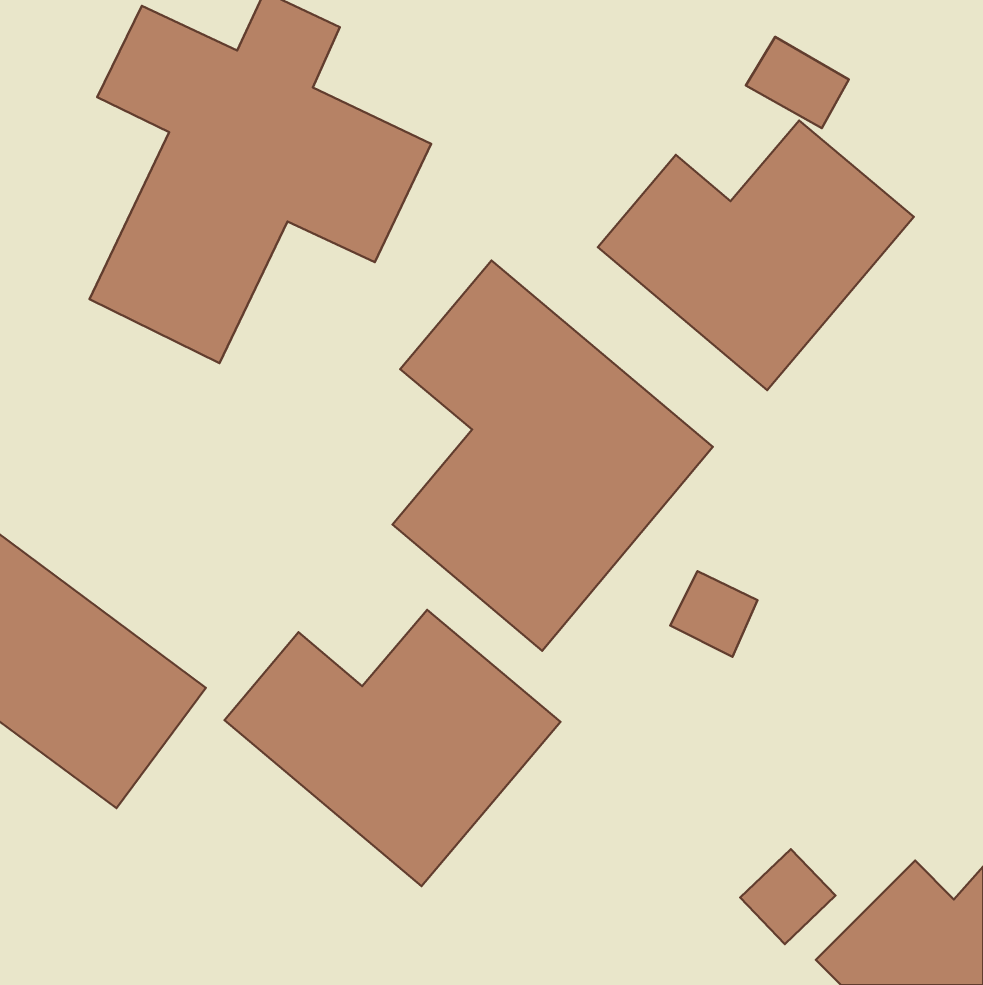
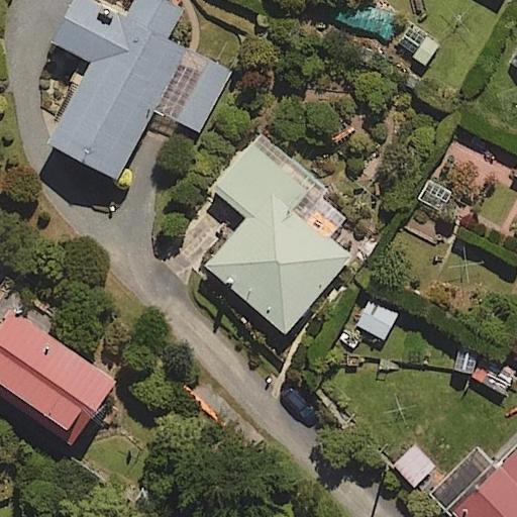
building: [598,120,914,390] -> none
building: [224,610,561,886] -> none

